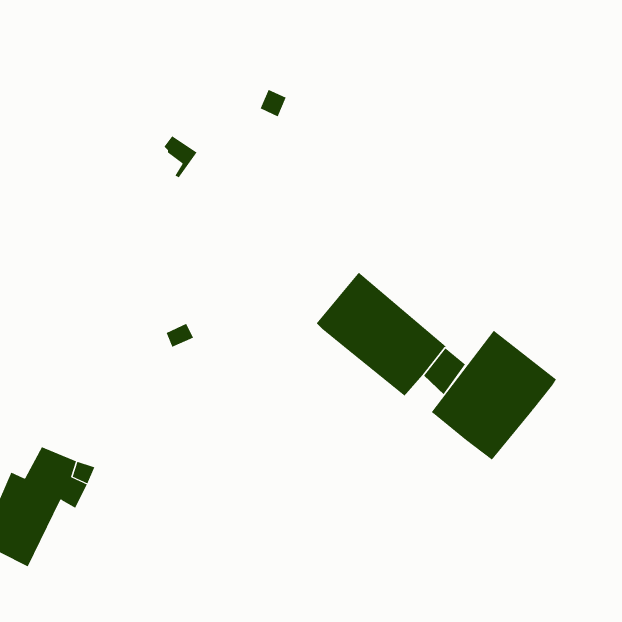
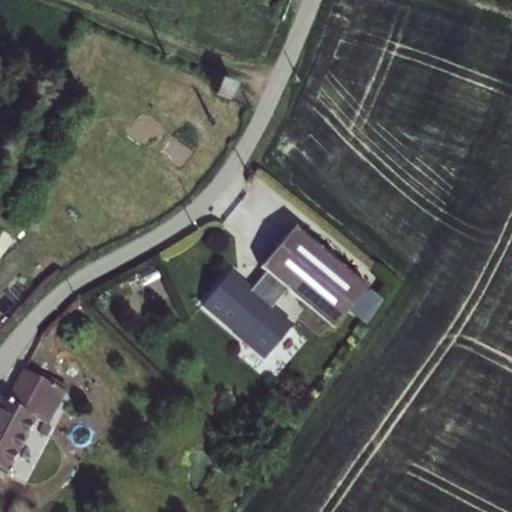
building: none -> [199,269,292,358]
building: [431,330,557,460] -> none

